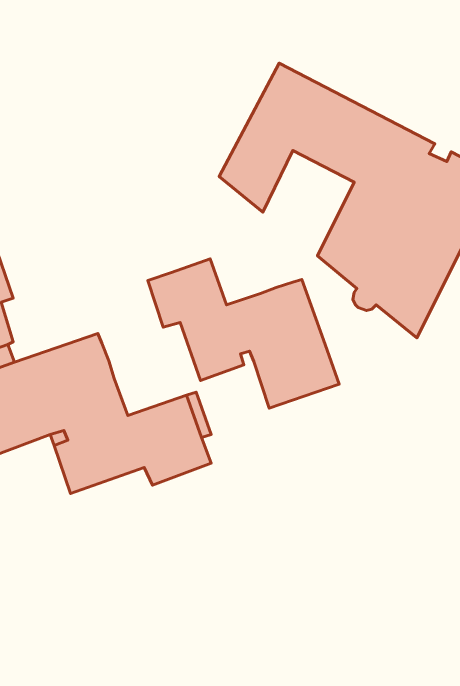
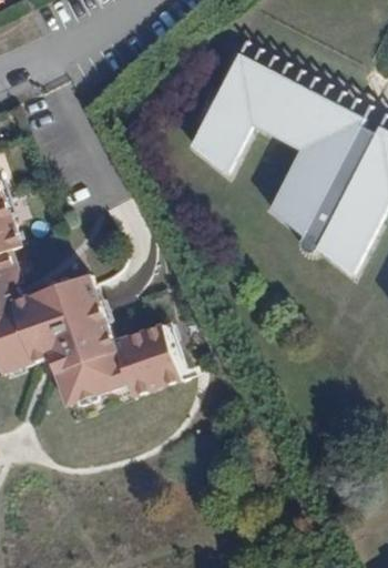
building: [148,259,339,408] -> none

